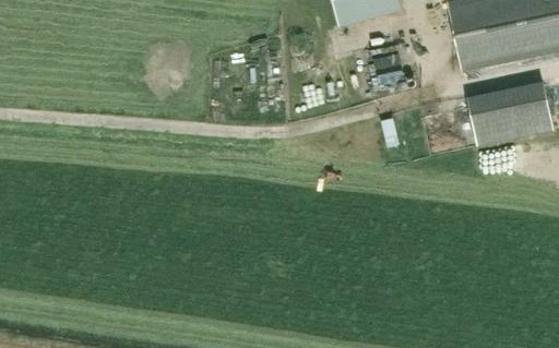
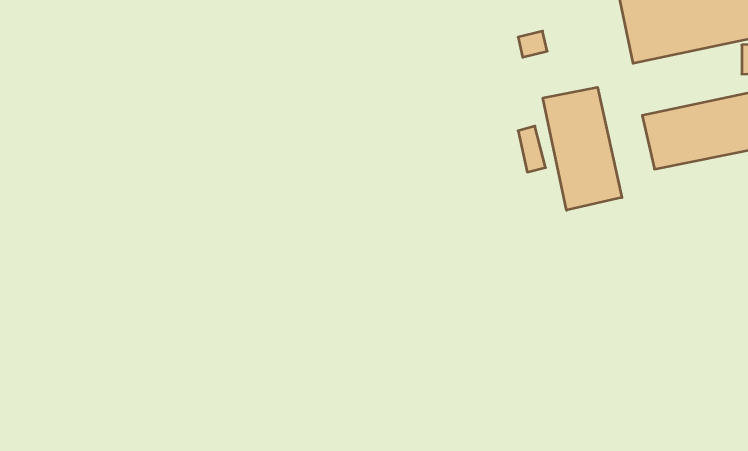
building: none -> [543,87,622,210]

